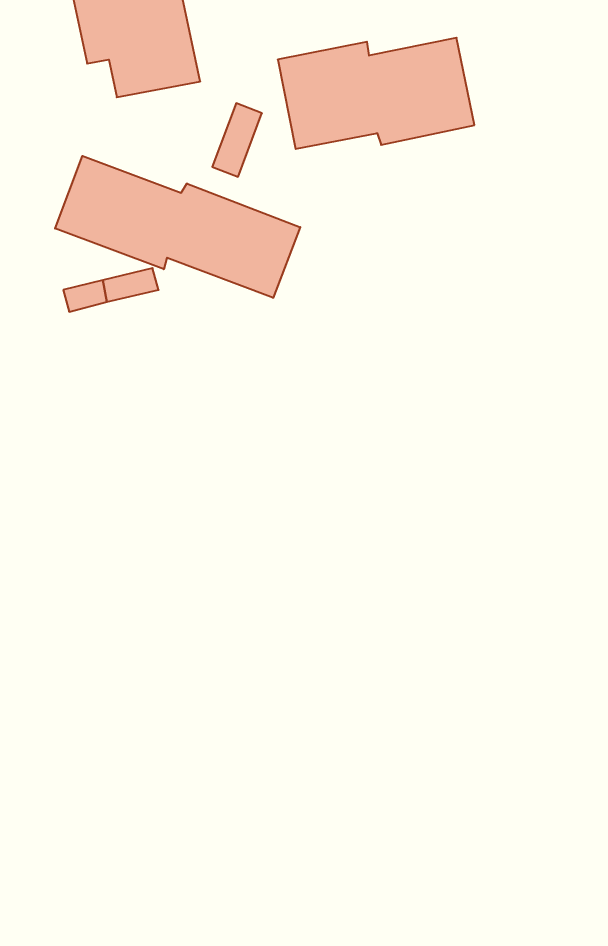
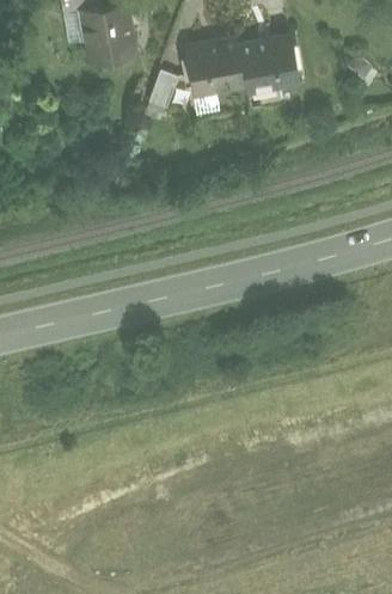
building: [55,156,300,298] -> none

